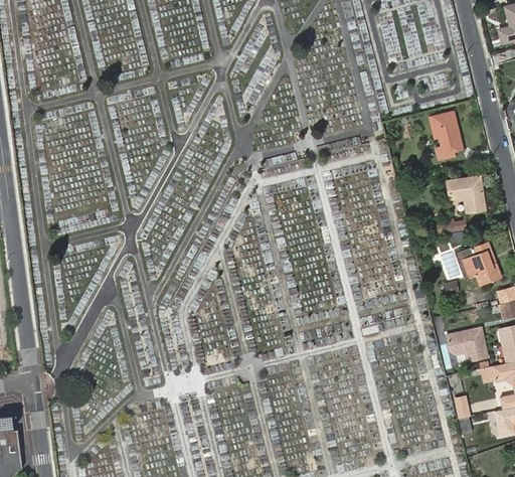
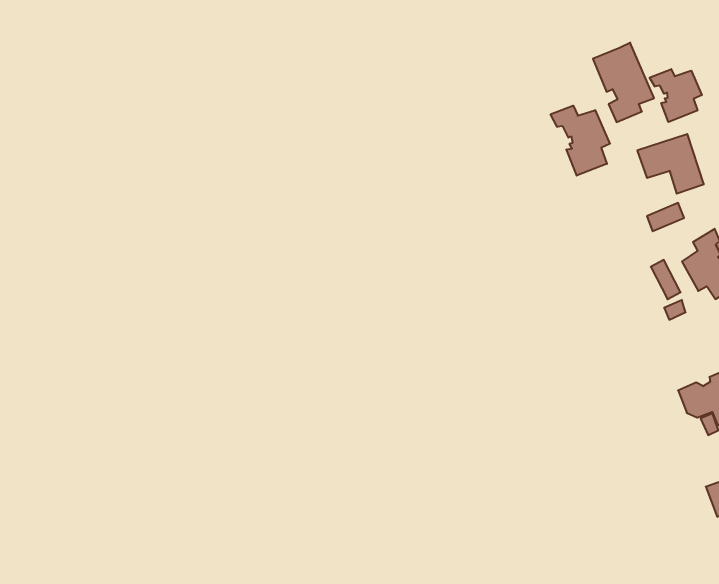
building: none -> [650,69,702,122]
building: none -> [551,106,610,176]

